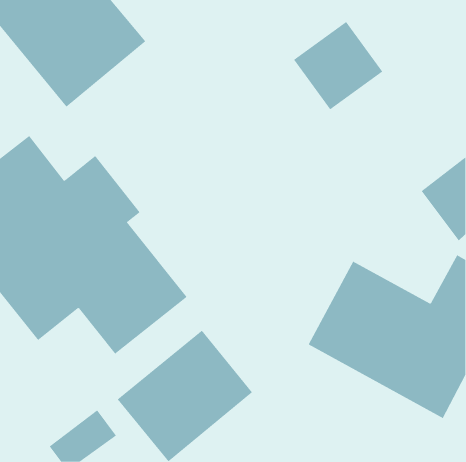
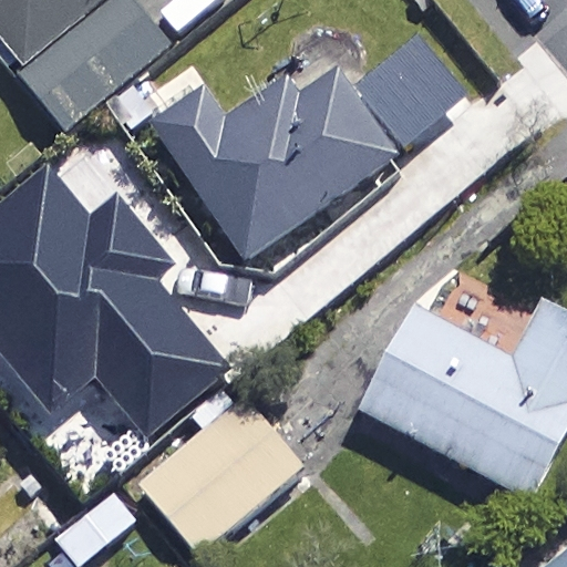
building: none -> [148,63,392,255]

